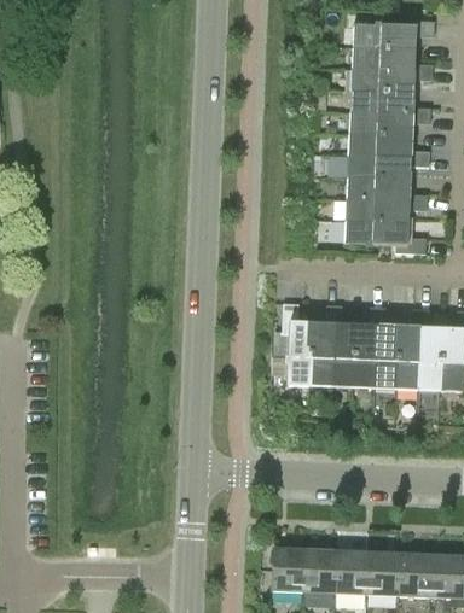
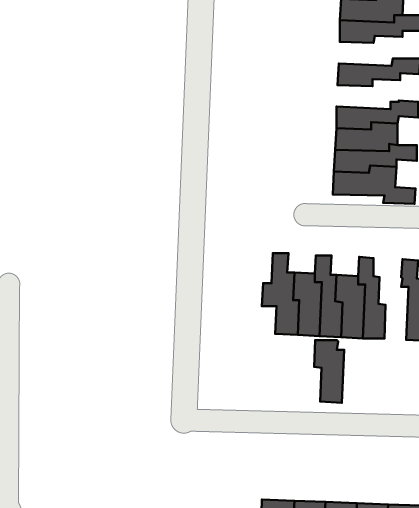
building: [349,83,413,113] -> none
building: [347,127,411,157] -> none
building: [389,326,419,389] -> [314,340,344,403]

